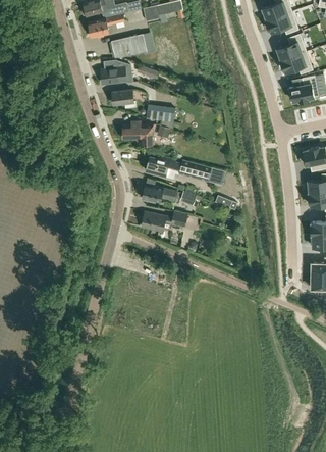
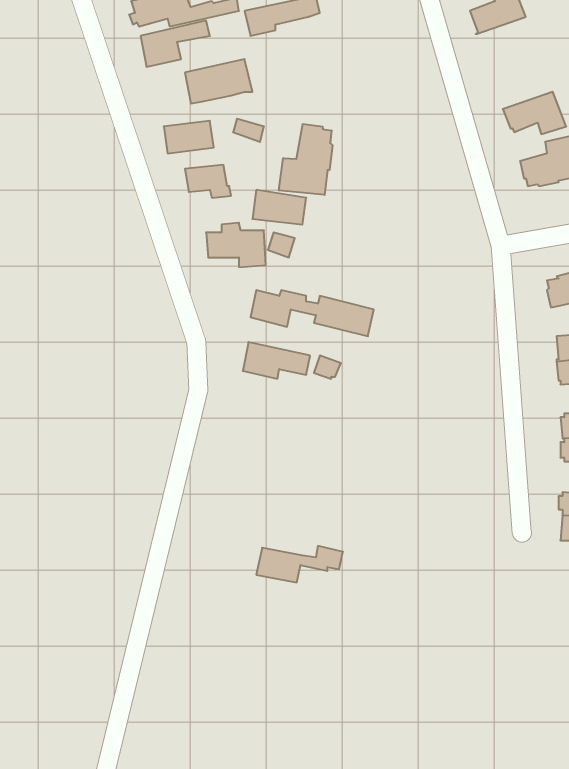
building: [266,11,300,34] -> none
building: [277,33,307,60] -> none
building: none -> [279,124,332,195]
building: [142,211,187,231] -> [256,546,343,582]

